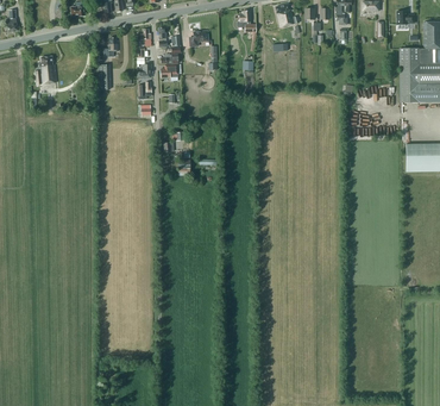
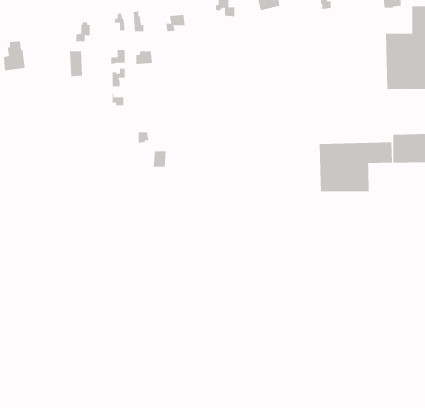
building: none -> [319,142,393,192]

